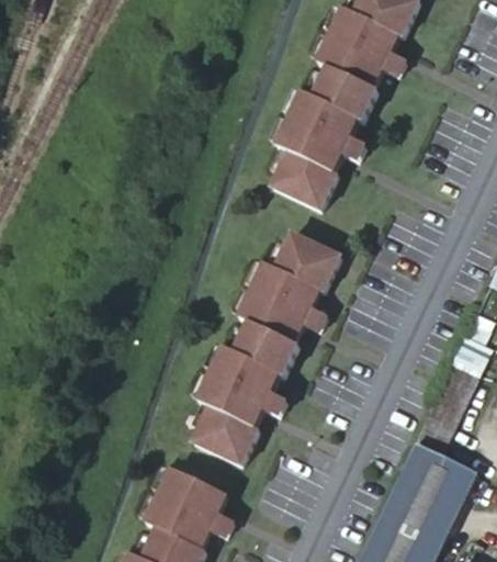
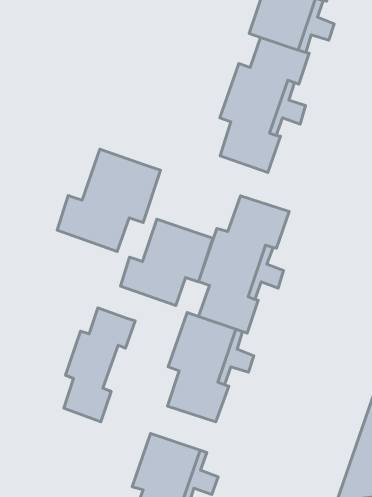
building: none -> [57,149,160,252]
building: none -> [121,219,213,306]
building: none -> [64,308,135,422]

